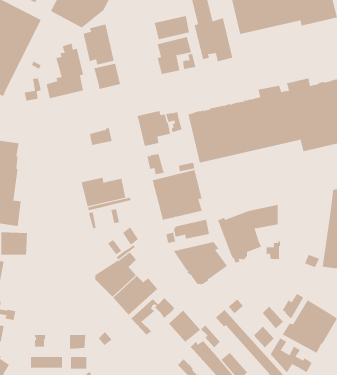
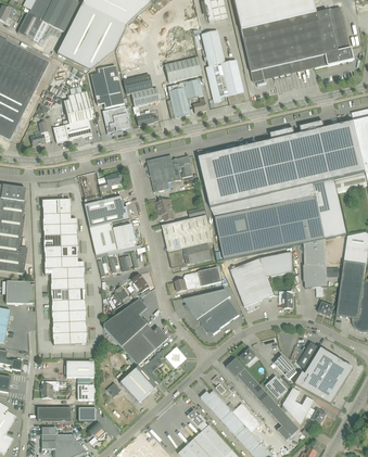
building: none -> [123,73,160,125]
building: none -> [216,192,347,288]
building: none -> [84,195,129,228]
building: none -> [42,199,87,344]
building: [168,310,201,342] -> [120,368,154,402]
building: none -> [66,360,93,377]

